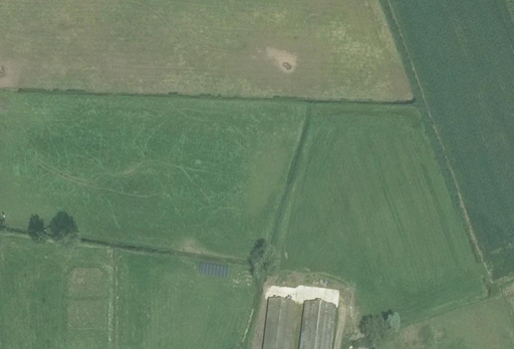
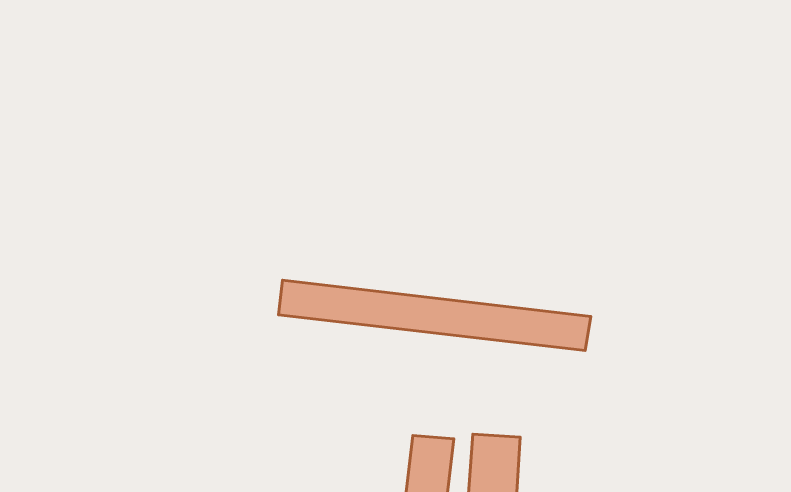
building: none -> [278,280,591,351]

